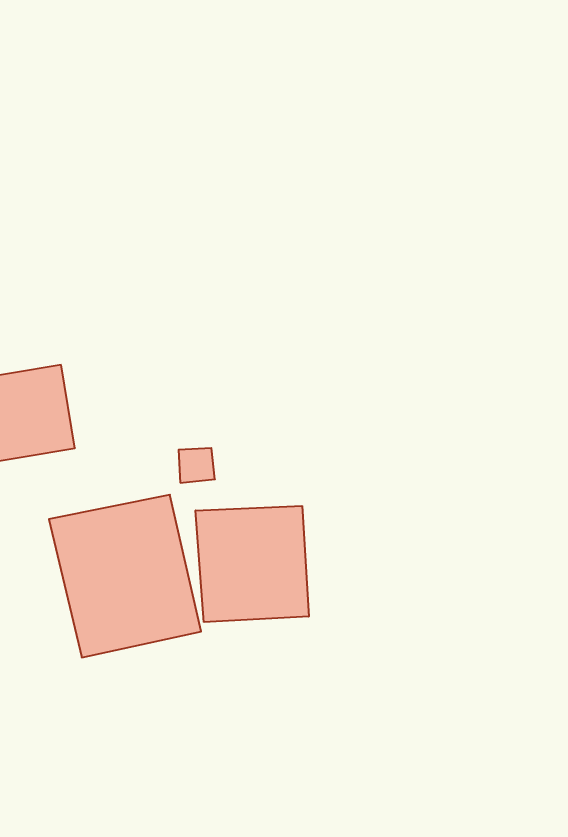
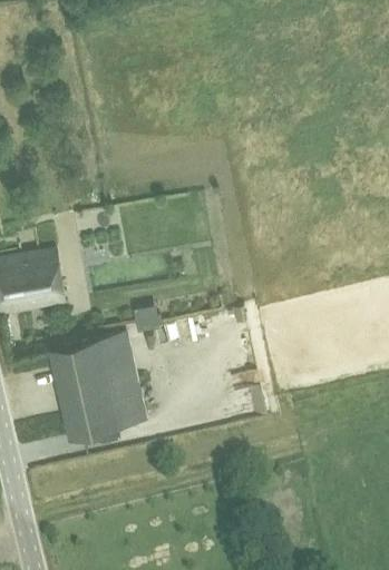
building: [196,506,309,622] -> none

